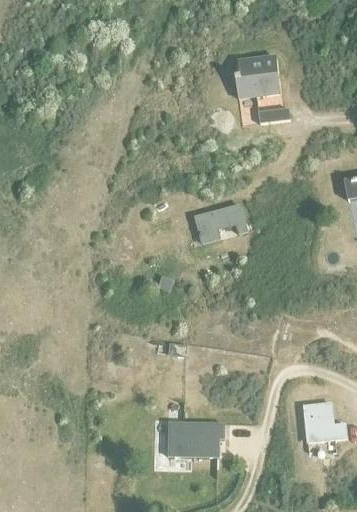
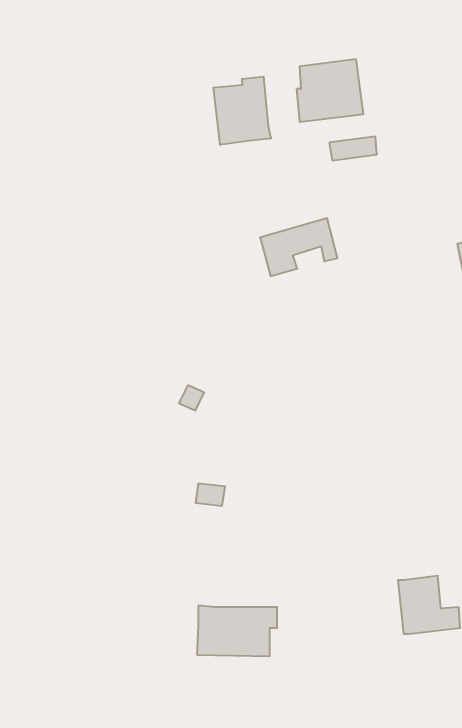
building: none -> [213,77,271,145]
building: [195,204,247,243] -> [260,218,337,276]

